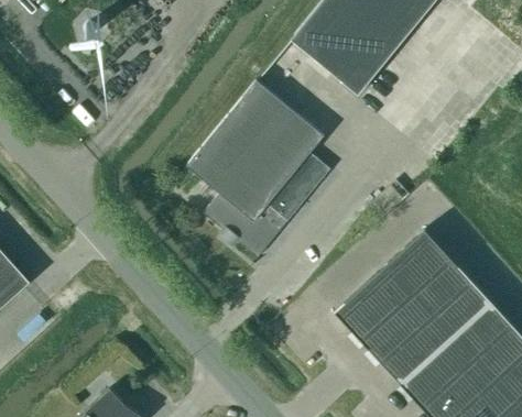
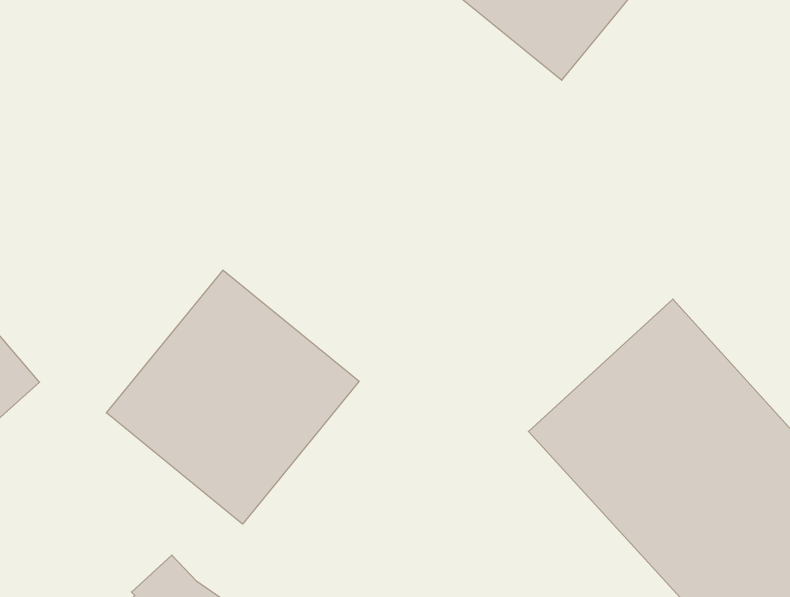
building: [188,81,333,254] -> none
building: none -> [106,270,359,524]

